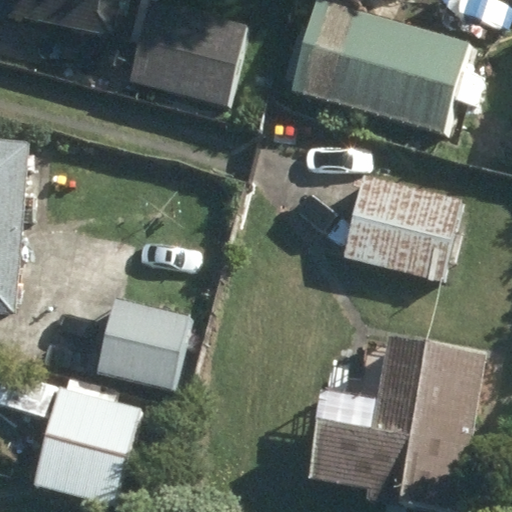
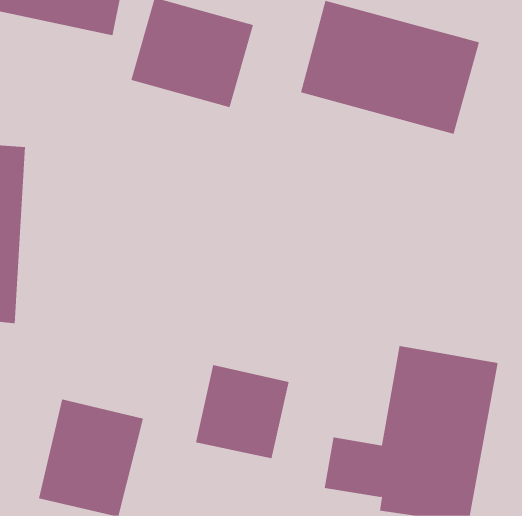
building: [344,172,461,280] -> none
building: [97,298,189,390] -> [195,364,290,459]

